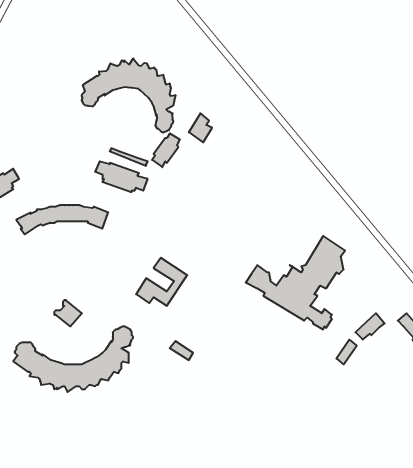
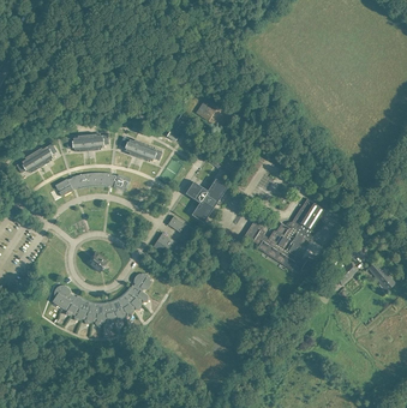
building: [82,58,175,133] -> none
building: none -> [66,133,108,152]
building: none -> [185,179,227,222]

